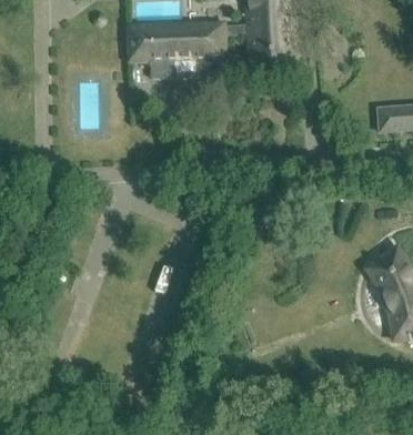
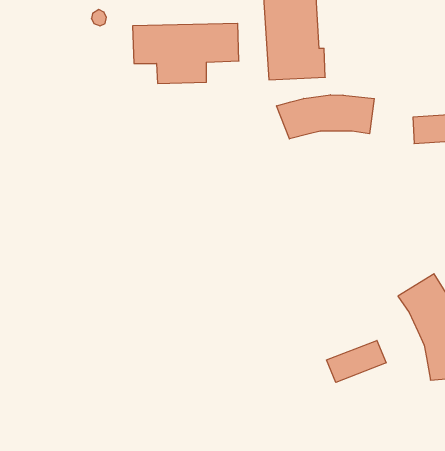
building: none -> [277,95,374,139]
building: none -> [327,340,386,382]

